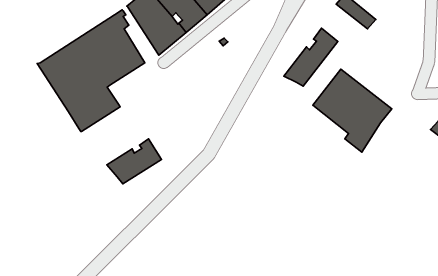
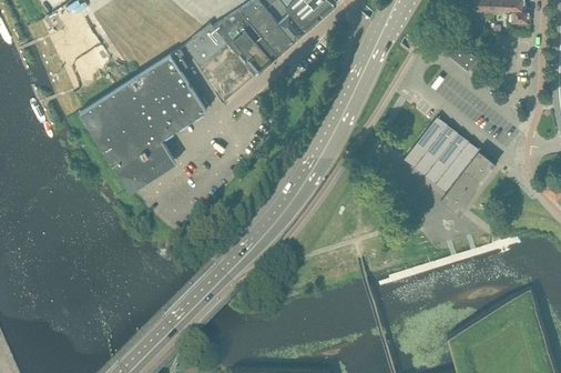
building: [284,28,338,86] -> none
building: [107,139,161,184] -> none

